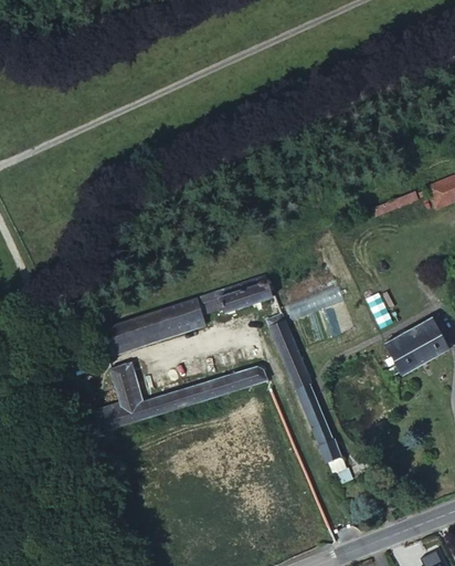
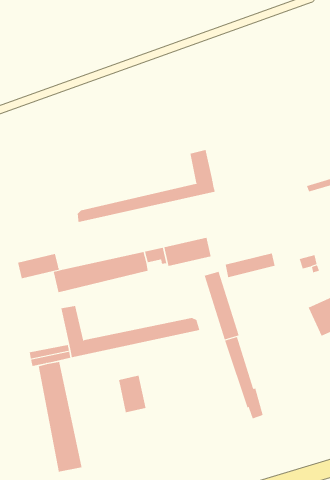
building: none -> [77,149,215,223]
building: none -> [17,253,59,279]
building: none -> [38,361,82,472]
building: none -> [118,375,146,413]

